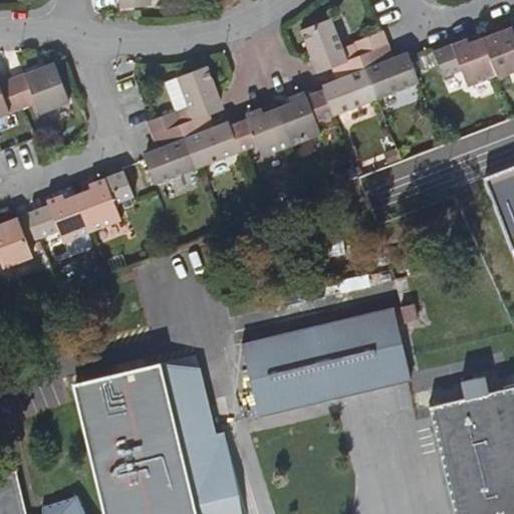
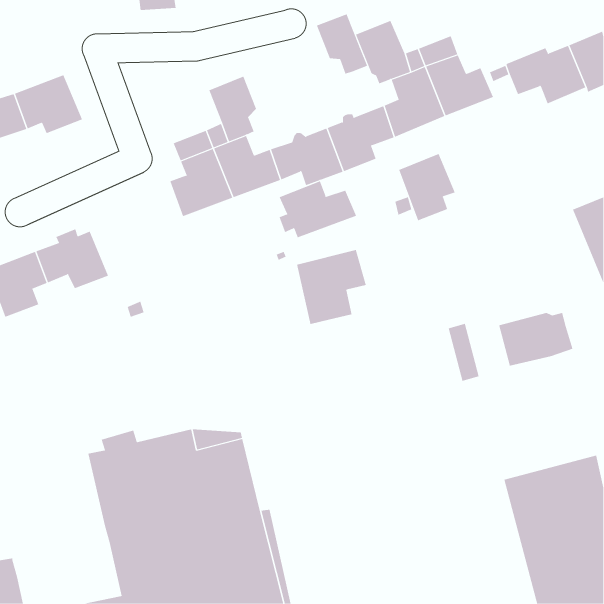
building: none -> [316,13,368,75]
building: none -> [398,153,455,221]
building: none -> [279,180,357,238]
building: [76,172,133,234] -> none
building: none -> [296,249,366,325]
building: none -> [499,312,573,367]
building: [240,306,402,432] -> none

